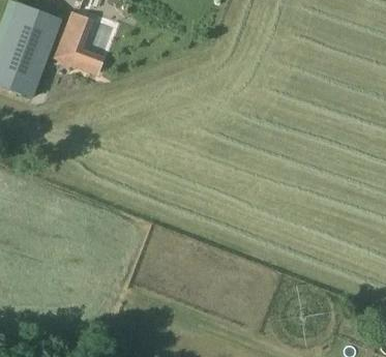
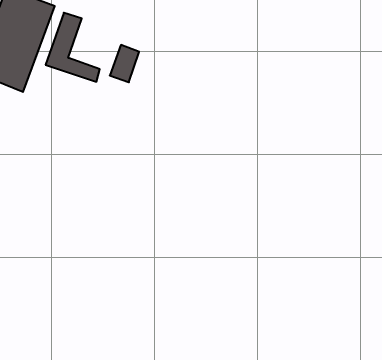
building: [83,29,110,63] -> [110,45,139,82]

